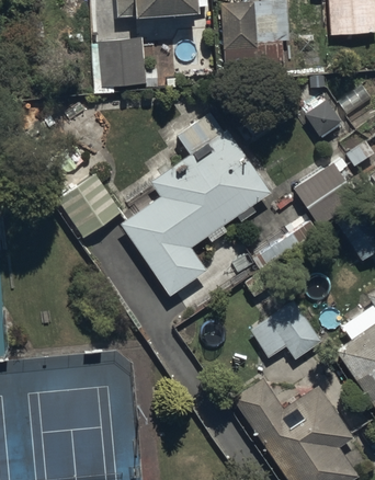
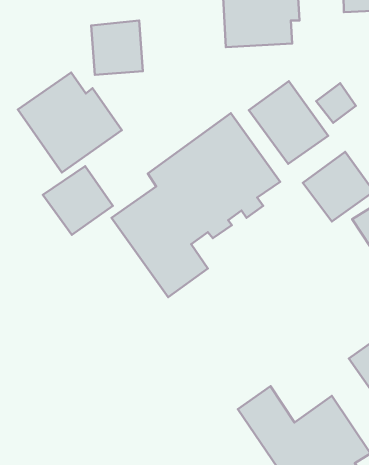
building: none -> [18,72,122,172]
building: none -> [249,81,328,164]
building: [249,300,320,361] -> none

